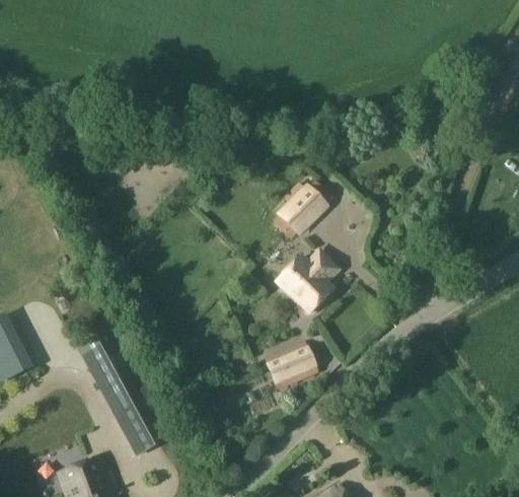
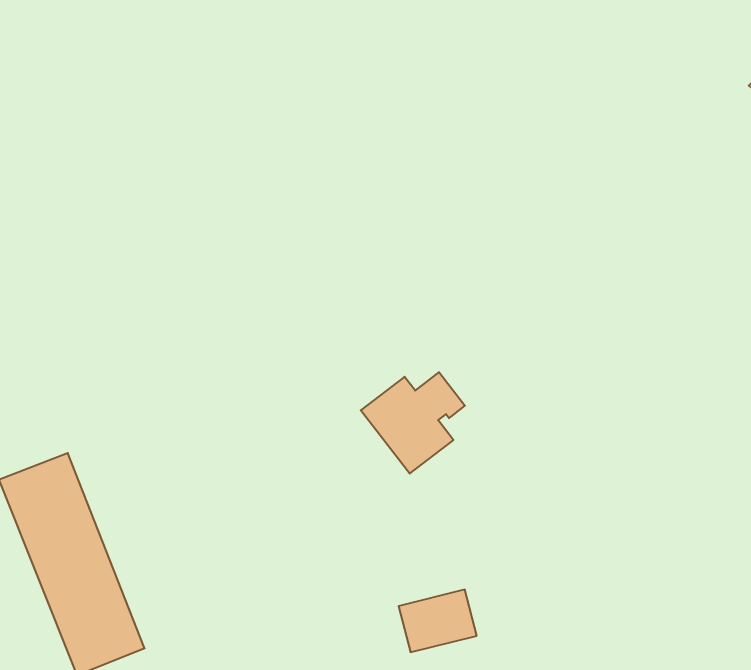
building: [274,188,323,237] -> none
building: [263,348,309,387] -> [399,590,477,652]

